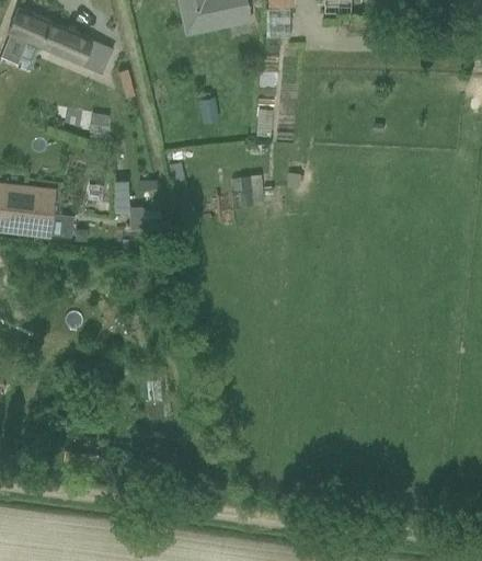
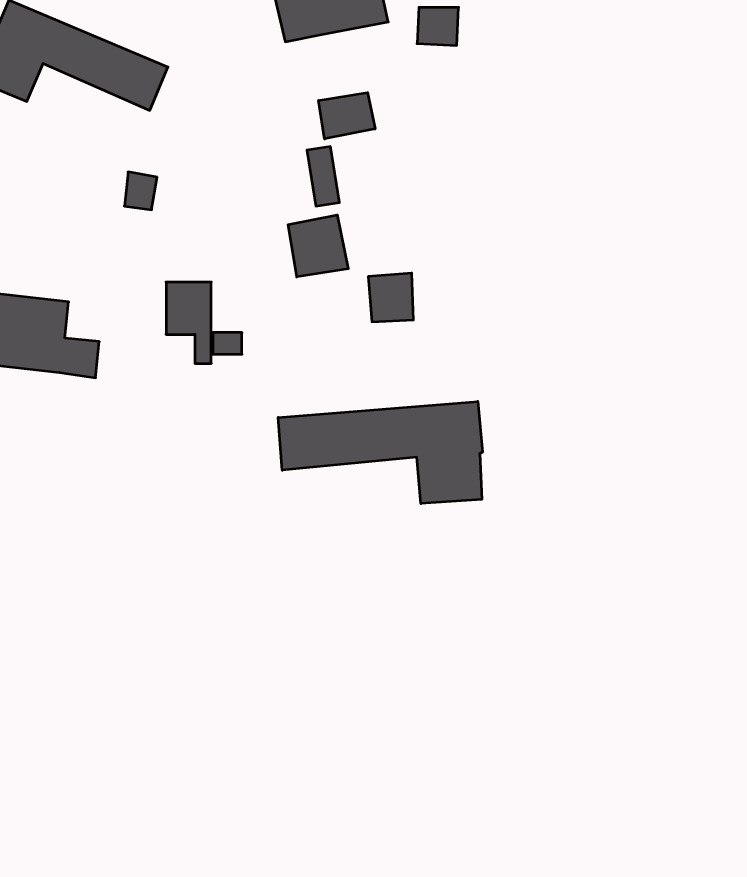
building: none -> [319,93,375,139]
building: none -> [288,215,348,277]
building: none -> [278,401,482,504]

